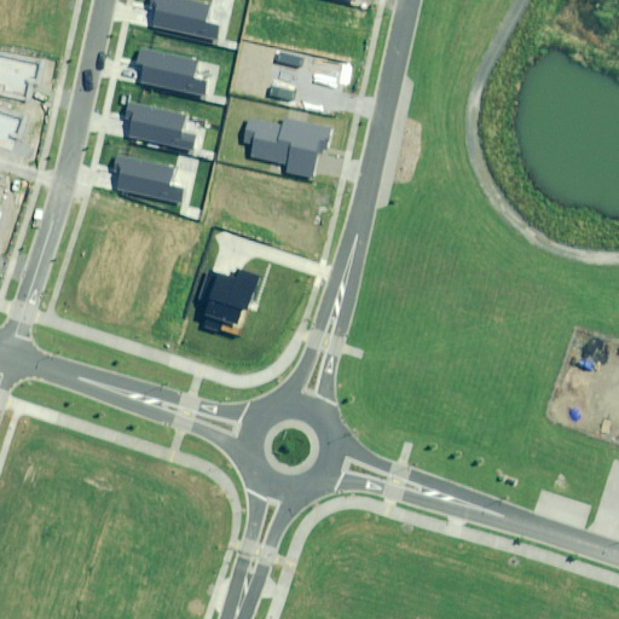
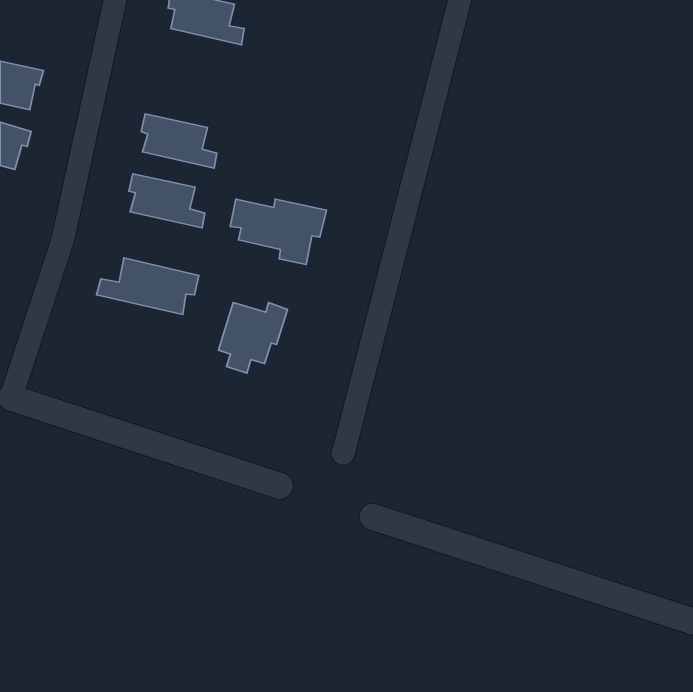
building: [134,46,203,94] -> none
building: [244,118,330,177] -> [230,199,327,264]
building: none -> [96,258,199,314]

